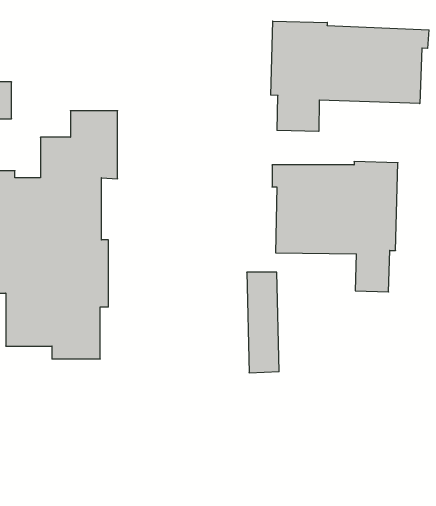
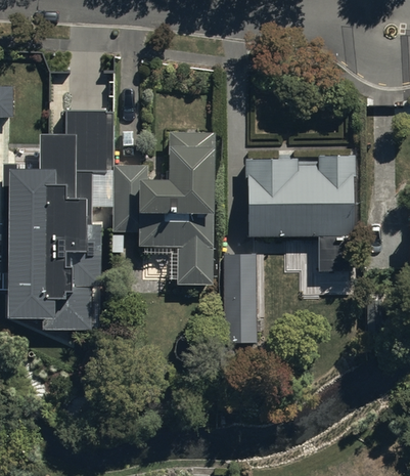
building: [271,21,429,131] -> none
building: none -> [112,134,215,285]

